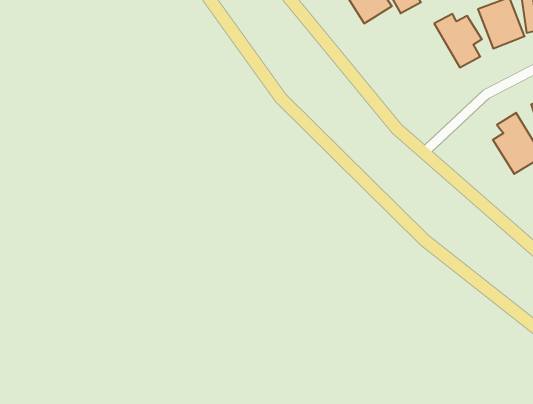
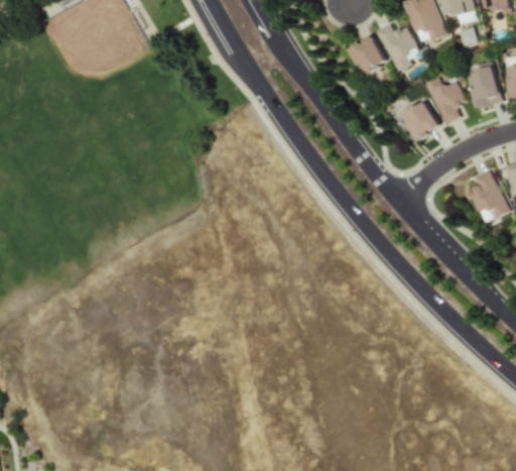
building: none -> [398,98,441,142]

